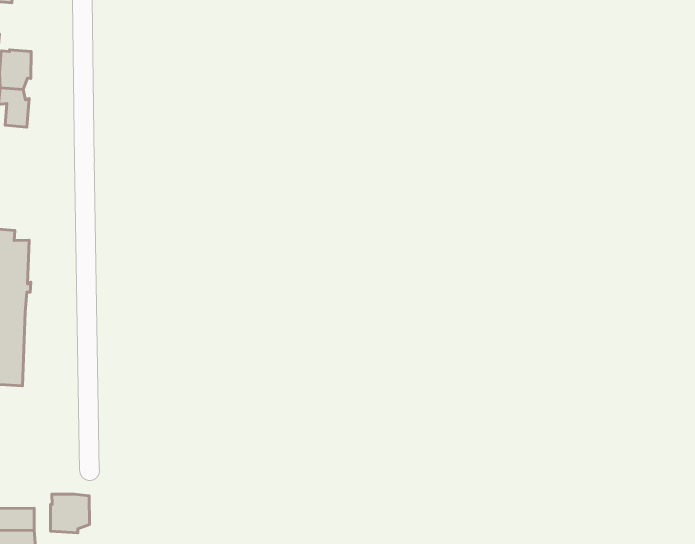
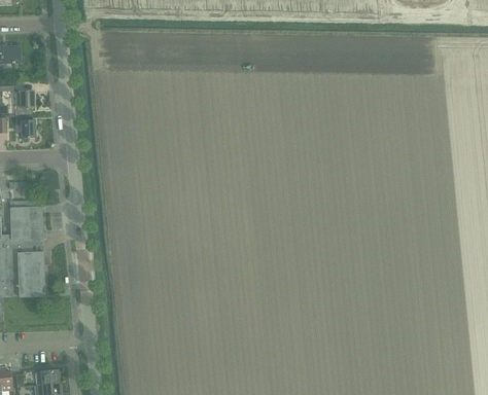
building: [50,494,90,533] -> none

